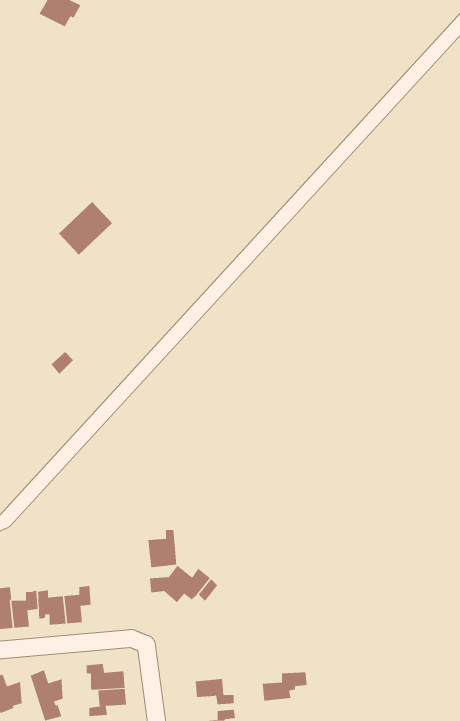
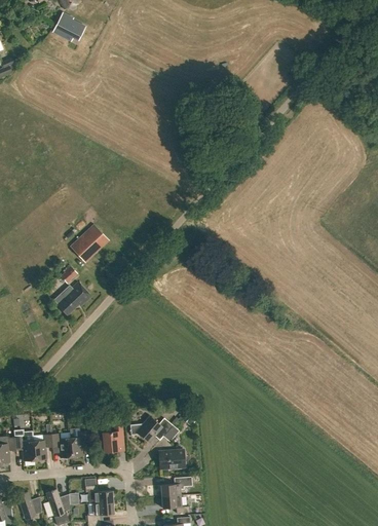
building: [58,201,113,256] -> [70,224,108,262]
building: none -> [56,283,91,315]
building: [148,530,177,568] -> [103,425,123,452]
building: none -> [159,449,184,469]
building: [262,672,308,701] -> [160,477,192,497]

